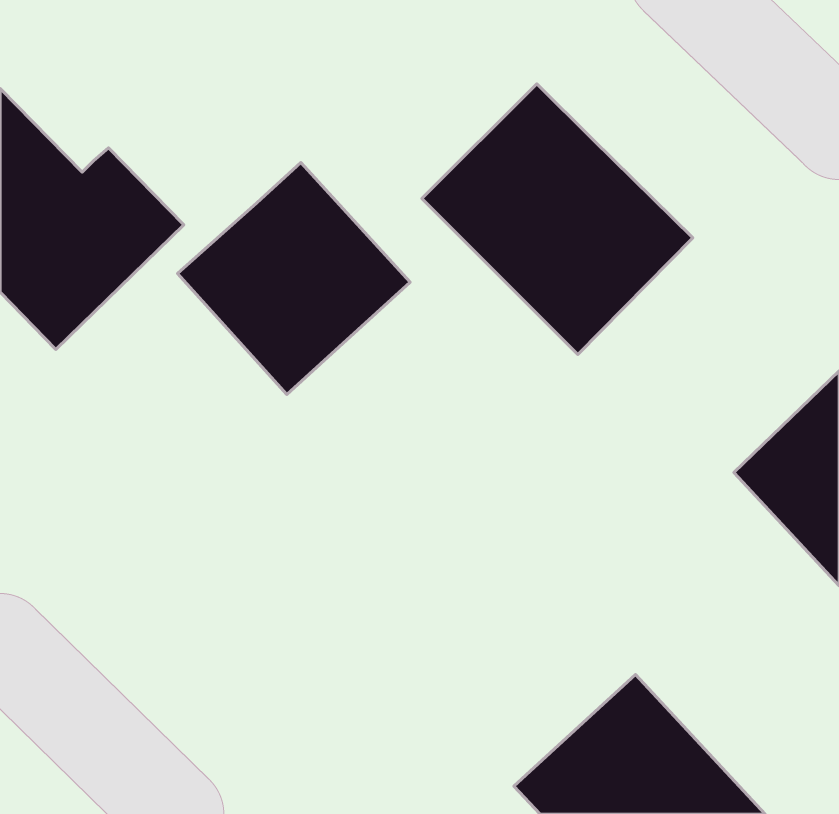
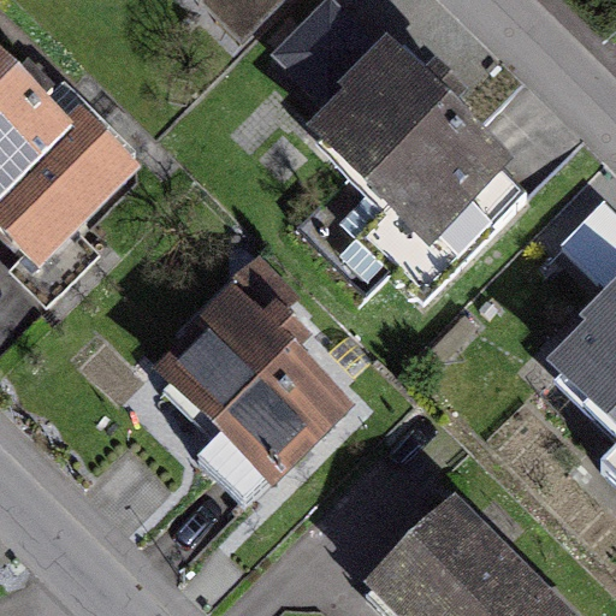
building: [177,163,410,395] -> none
building: none -> [152,278,346,474]

